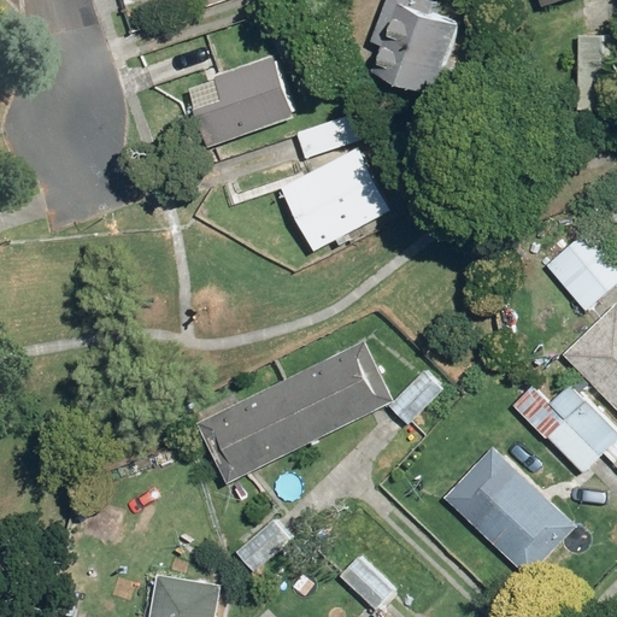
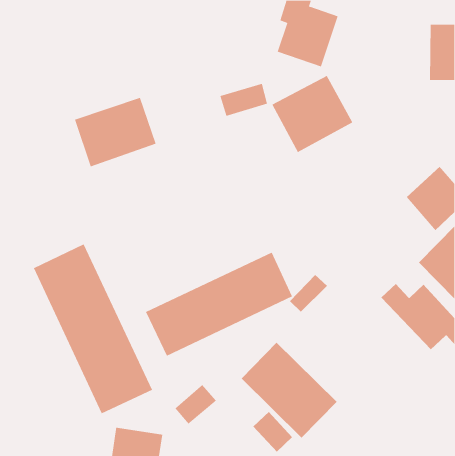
building: [186,55,296,149] -> [74,97,157,167]
building: [280,148,389,253] -> [272,75,353,153]
building: none -> [33,243,153,414]
building: [443,447,574,577] -> [241,342,337,439]

